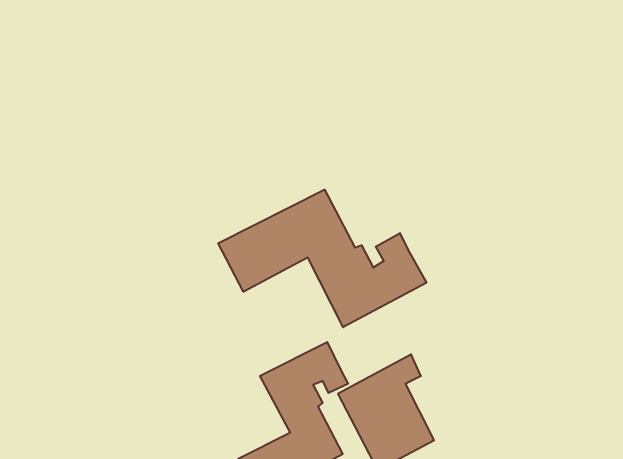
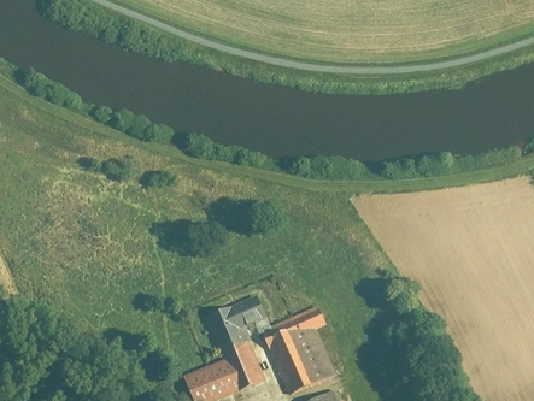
building: [218,190,426,327] -> none

